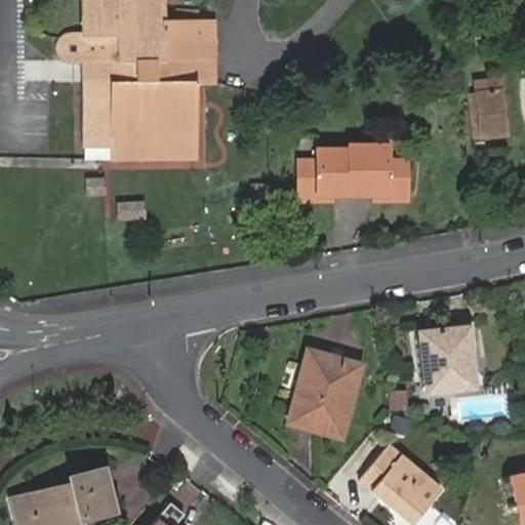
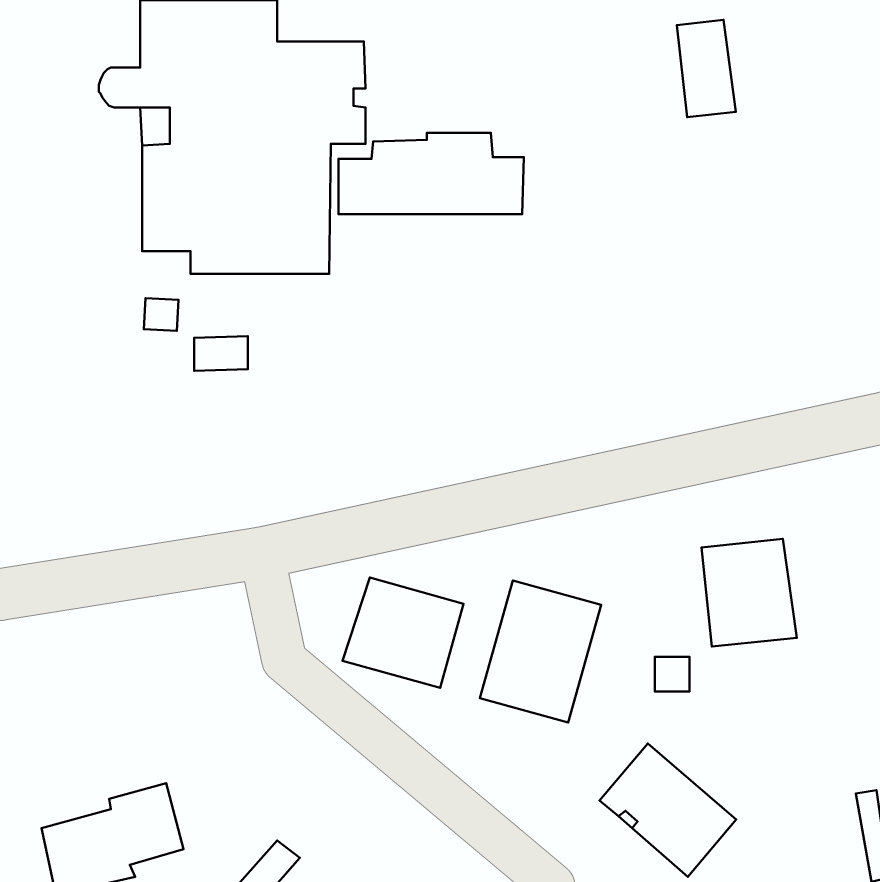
building: [471,83,506,140] -> [677,20,736,117]
building: [302,149,412,197] -> [339,133,524,214]
building: none -> [342,578,464,688]

